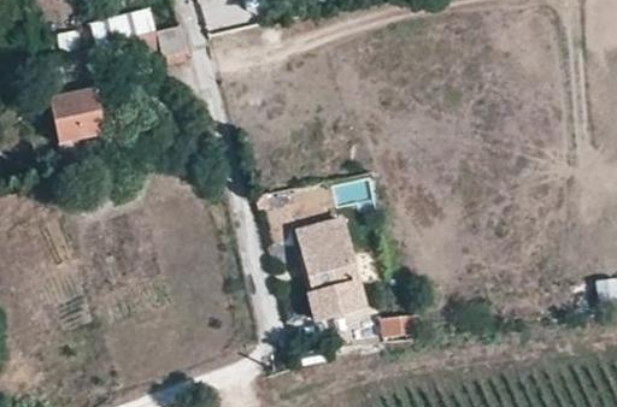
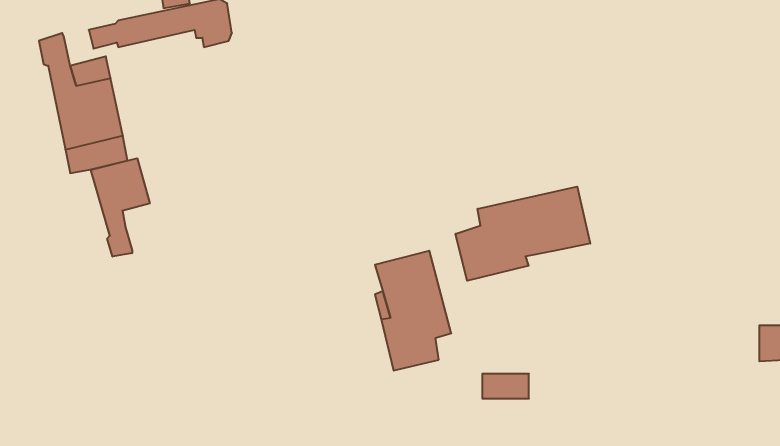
building: none -> [91,158,150,257]
building: none -> [456,187,590,281]

